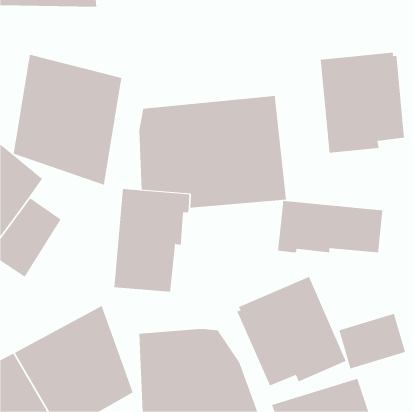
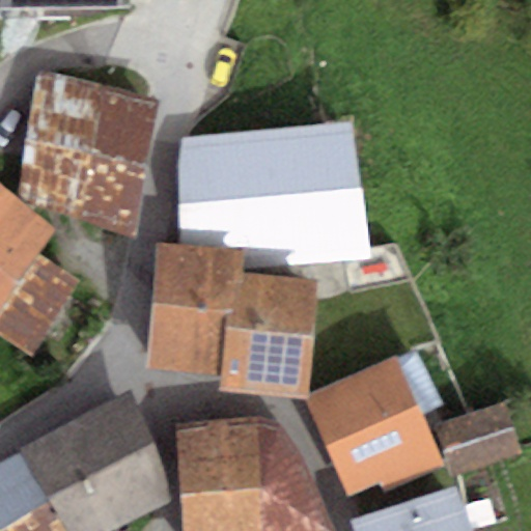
building: [320,52,404,154] -> none
building: [277,200,383,253] -> none
building: none -> [217,273,318,399]

